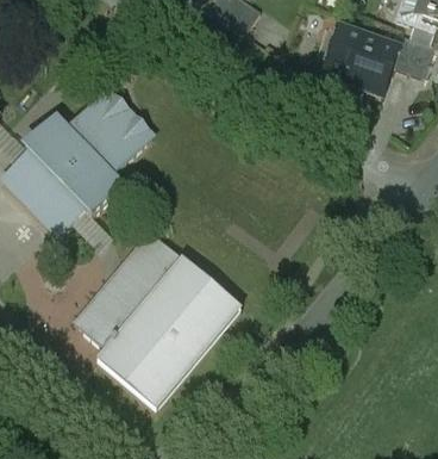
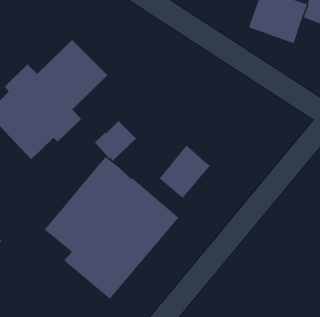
building: none -> [94,120,137,162]
building: none -> [159,145,210,199]

